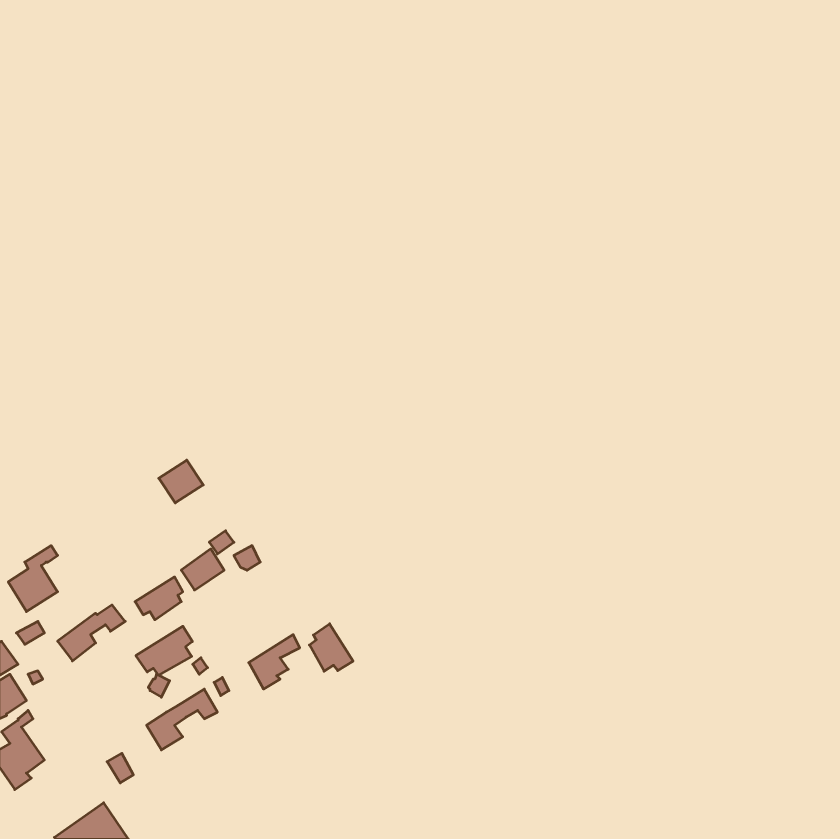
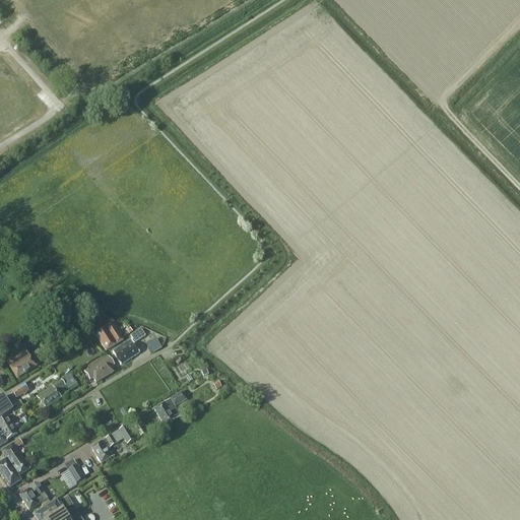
building: [159,460,203,503] -> [94,322,122,348]
building: [309,624,353,671] -> none
building: [136,626,192,675] -> none
building: none -> [18,482,48,509]

